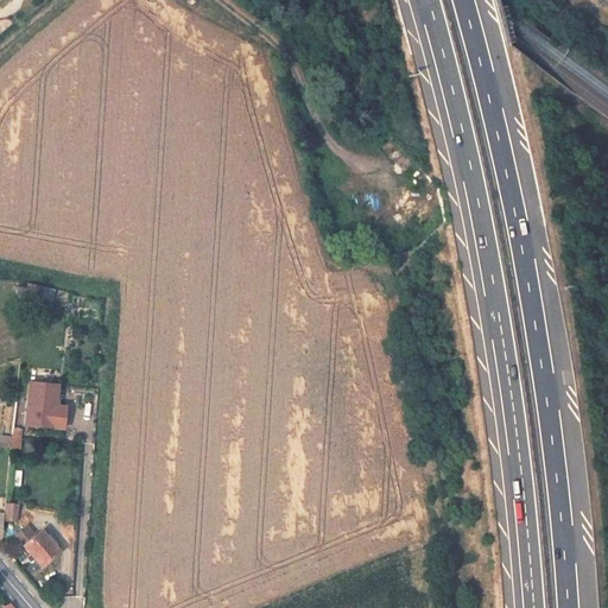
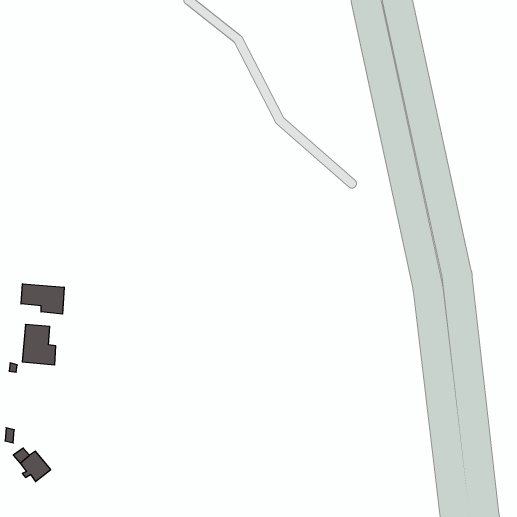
building: none -> [21,284,64,314]

